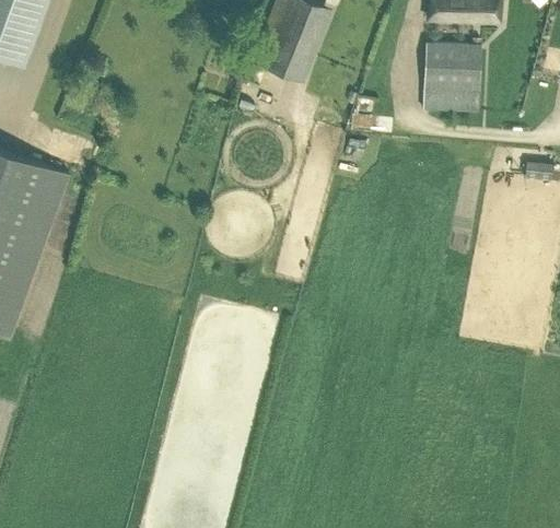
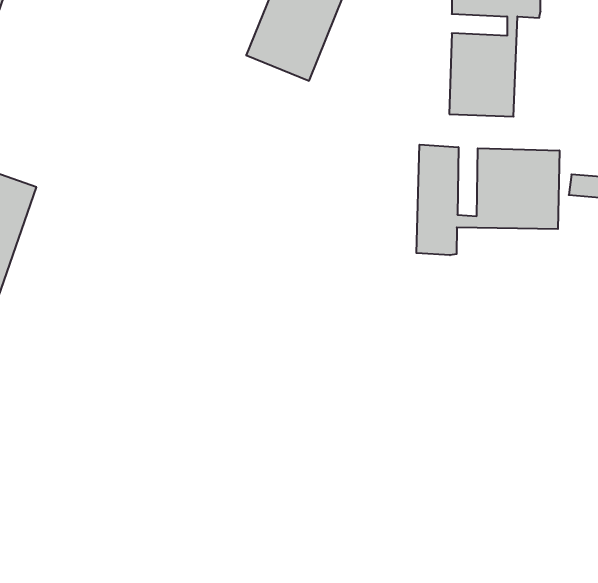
building: none -> [416,145,559,255]

